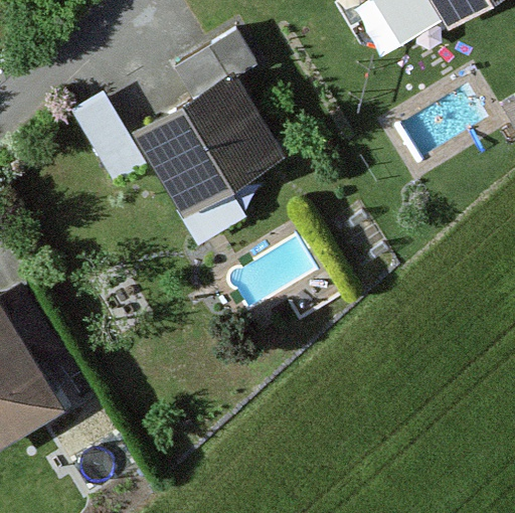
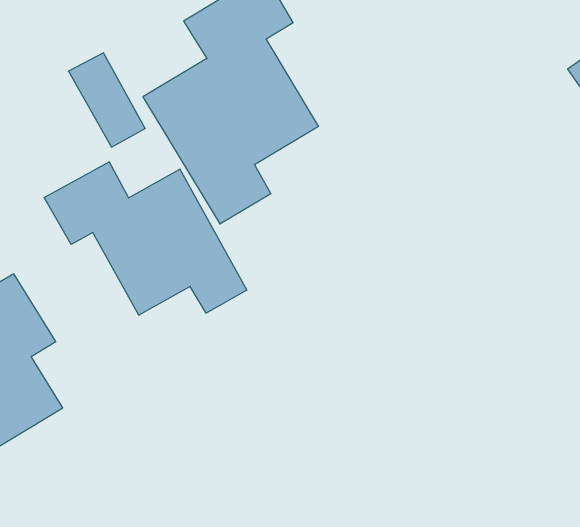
building: none -> [44,162,247,315]

